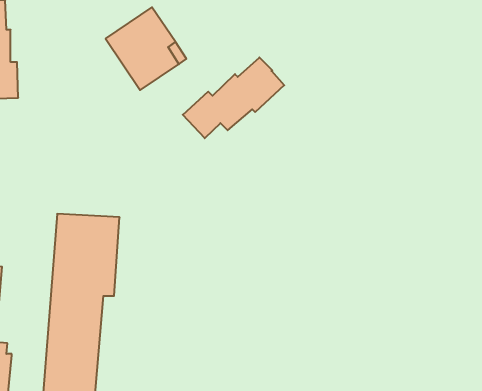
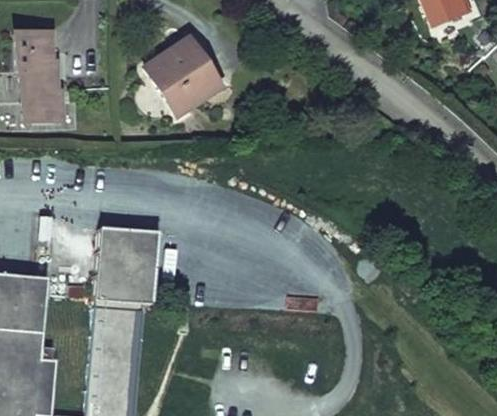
building: [183,57,284,138] -> none

